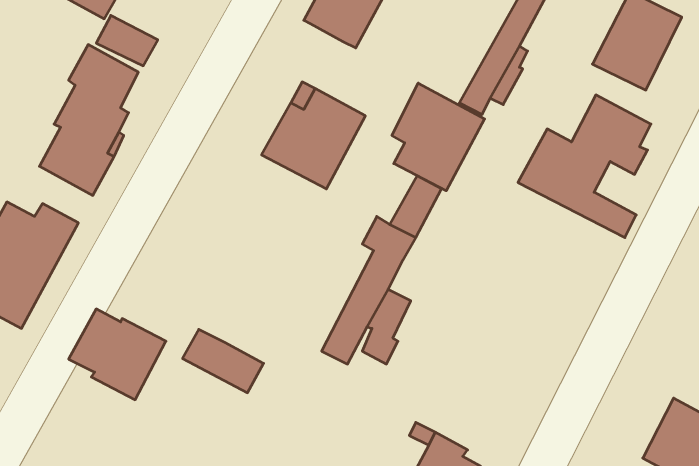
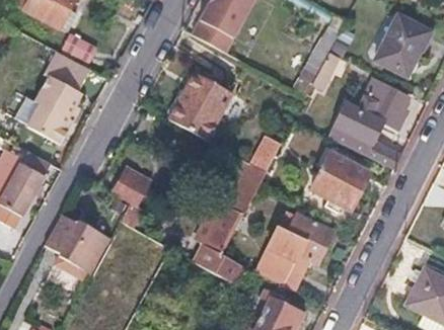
building: [392,83,485,191] -> none
building: none -> [309,152,366,209]
building: none -> [110,161,152,204]
building: none -> [255,212,334,286]
building: [183,329,264,393] -> [195,241,245,280]

